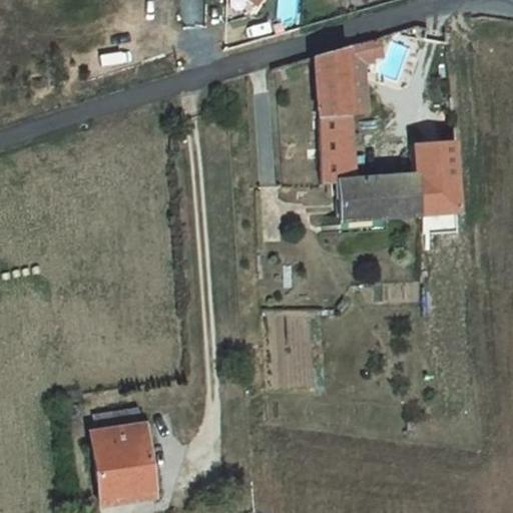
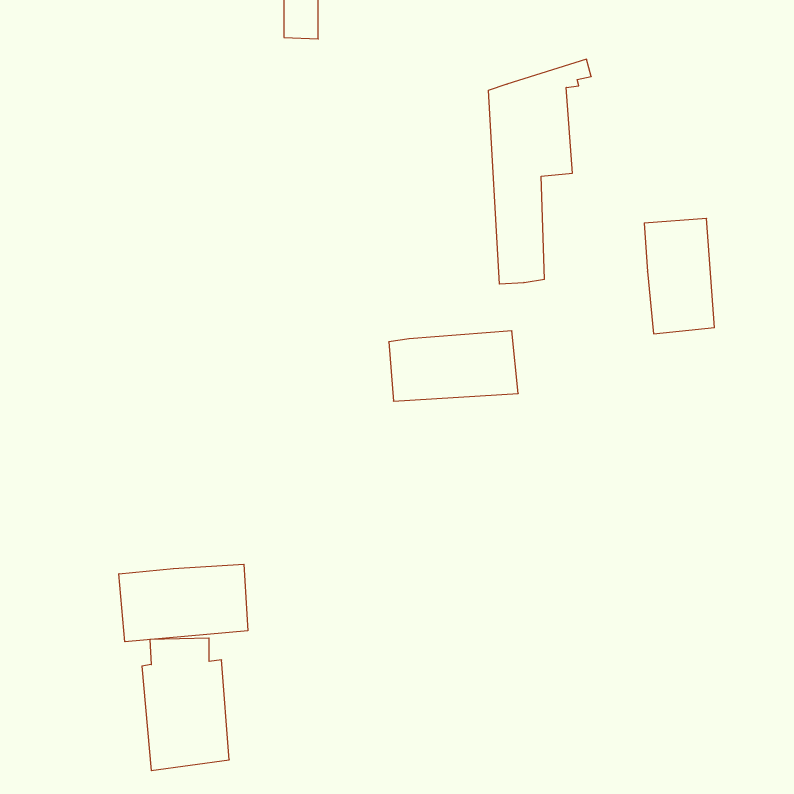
building: [339,174,422,219] -> [389,331,518,401]
building: none -> [119,564,248,642]

